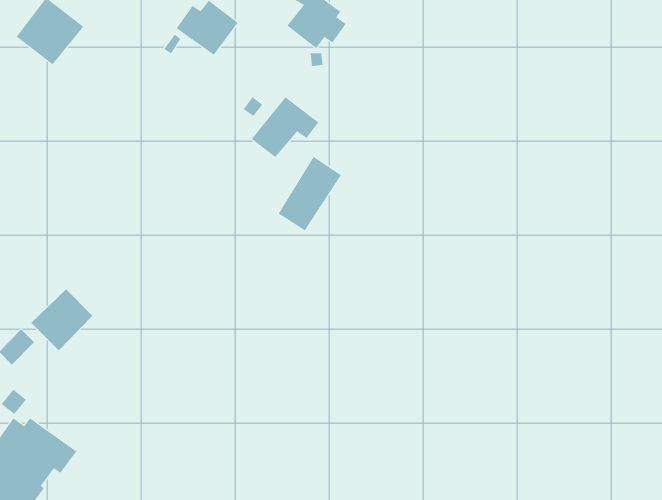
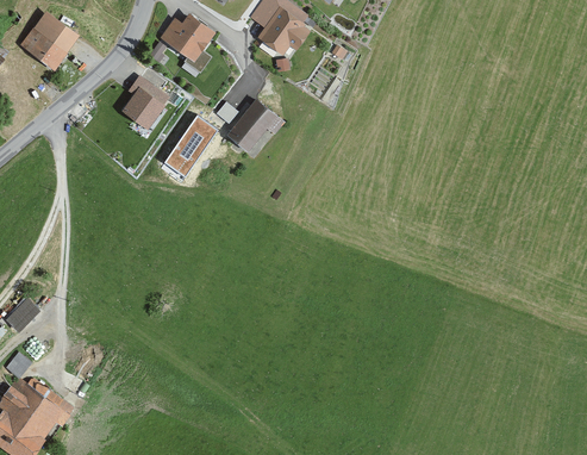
building: none -> [121,74,169,130]
building: [278,156,342,231] -> [168,106,224,172]
building: [31,288,93,351] -> none

